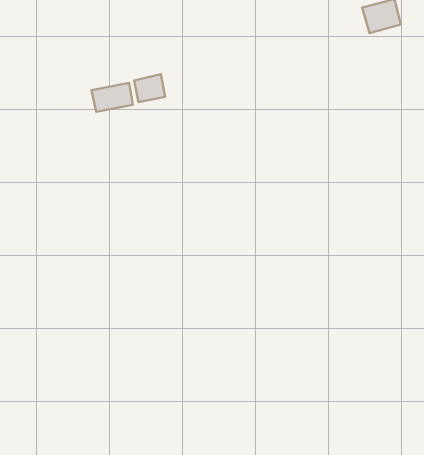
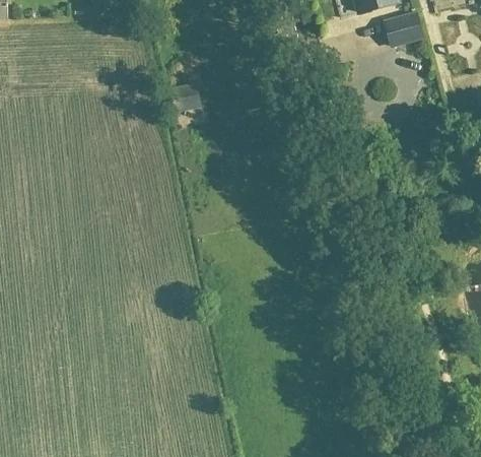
building: [92,83,133,112] -> none

